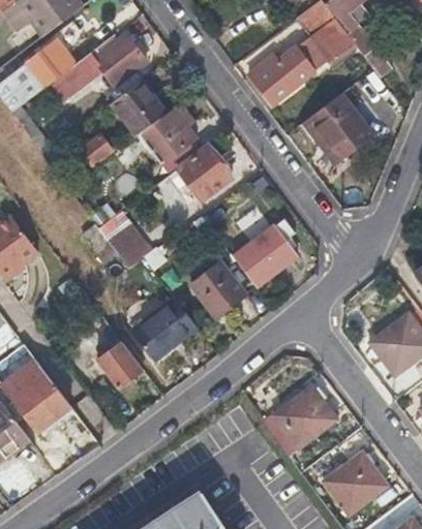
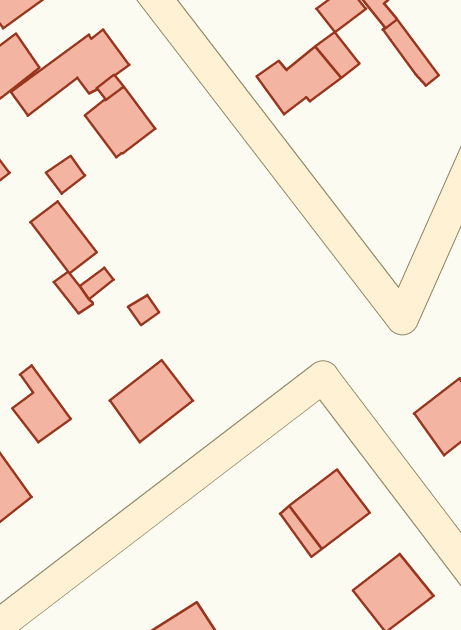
building: [309,19,354,62] -> none
building: [306,91,370,163] -> none
building: [141,102,198,162] -> none
building: [176,146,231,200] -> none
building: [233,226,296,286] -> none
building: [191,263,244,317] -> none
building: [95,329,142,390] -> [12,365,71,442]

